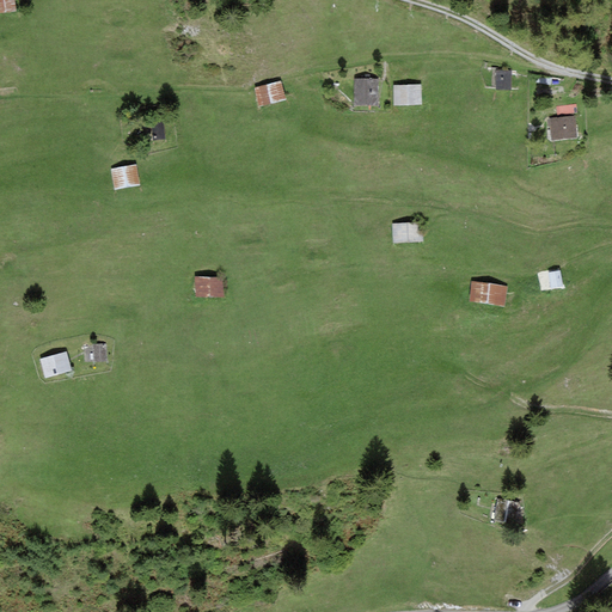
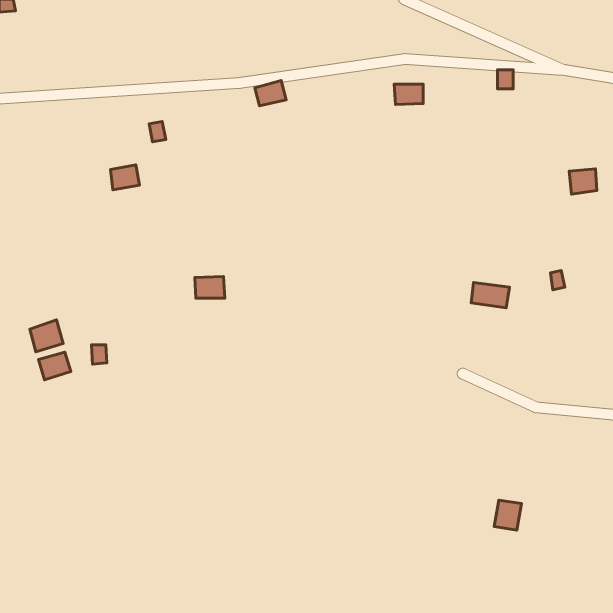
building: [353,78,379,106] -> none
building: [547,115,575,140] -> [569,169,597,194]
building: [391,221,422,243] -> none
building: none -> [30,320,63,352]

